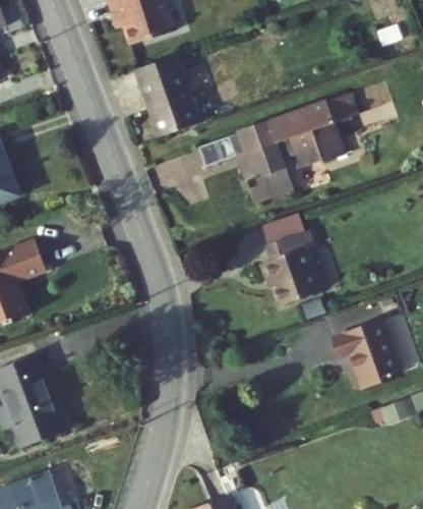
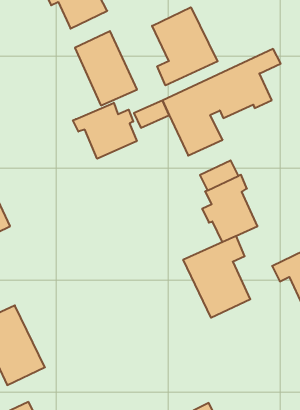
building: none -> [152,7,218,85]
building: none -> [73,103,137,159]
building: none -> [183,236,250,318]

